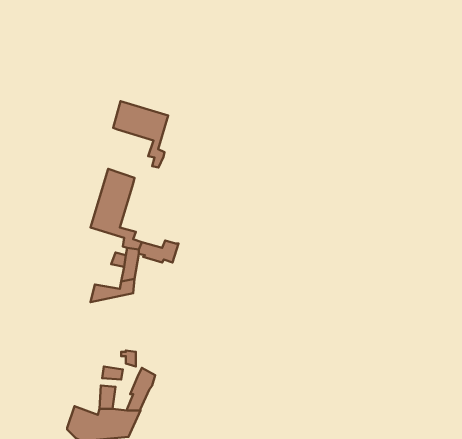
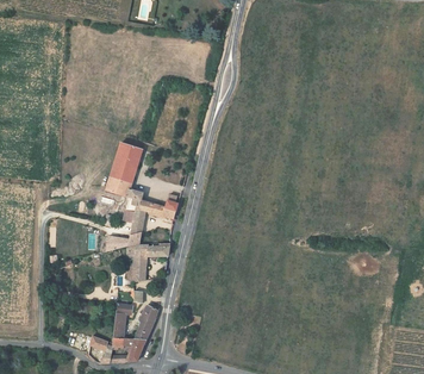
building: [113,101,168,167] -> none
building: none -> [127,244,169,281]

